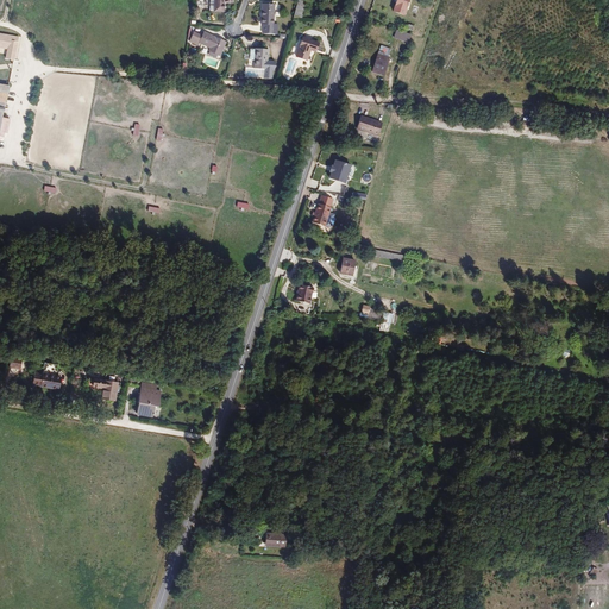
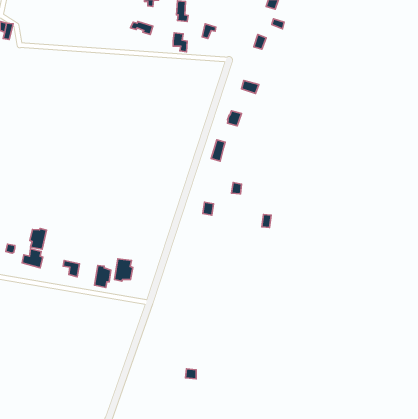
building: none -> [30,228,47,249]
building: none -> [114,259,133,281]

